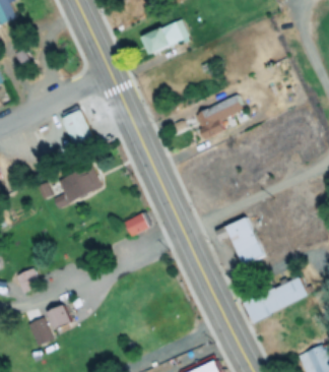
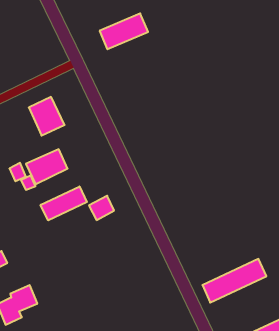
building: [189,95,246,141] -> none
building: none -> [41,186,87,220]
building: [224,214,267,266] -> none

